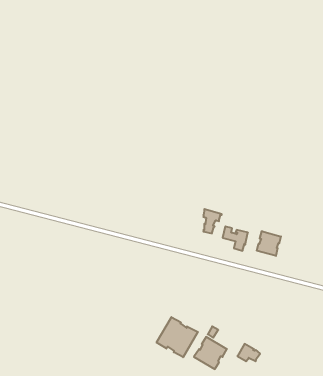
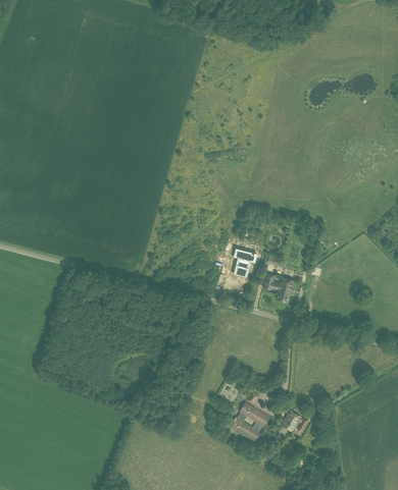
building: [257,231,281,256] -> none
building: [157,317,198,357] -> none

